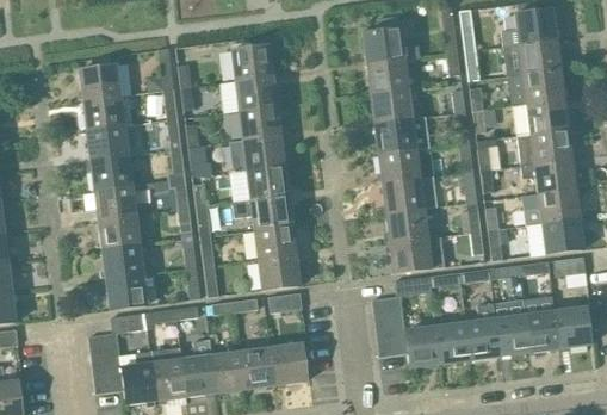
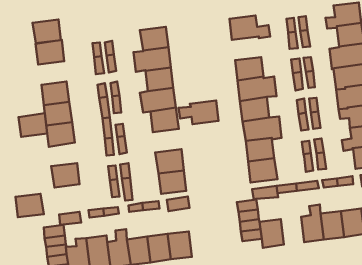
building: [365,57,408,92] -> none
building: [81,93,123,128] -> [32,20,61,43]
building: [233,192,291,227] -> [179,100,218,124]
building: [97,212,138,247] -> [19,113,47,137]
building: [105,273,147,308] -> [15,194,44,217]
building: [436,321,471,361] -> none

